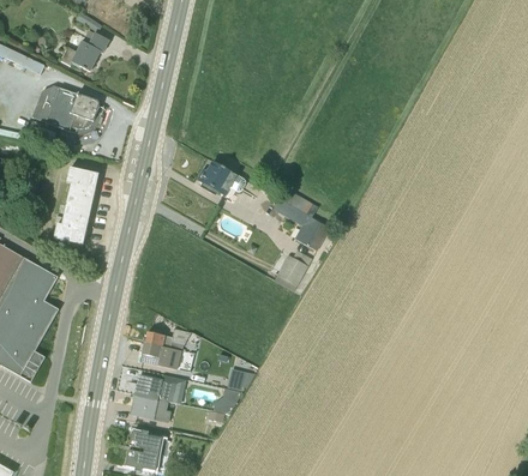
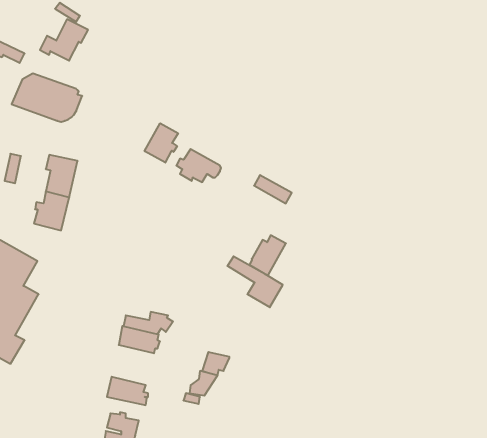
building: none -> [145,123,178,163]
building: [272,199,329,251] -> [227,256,283,307]
building: [133,374,185,403] -> none

